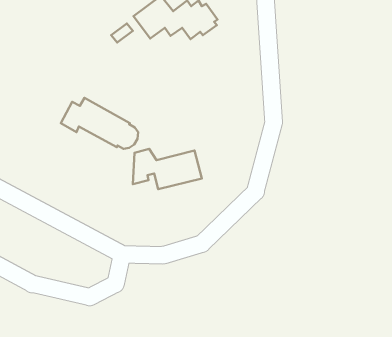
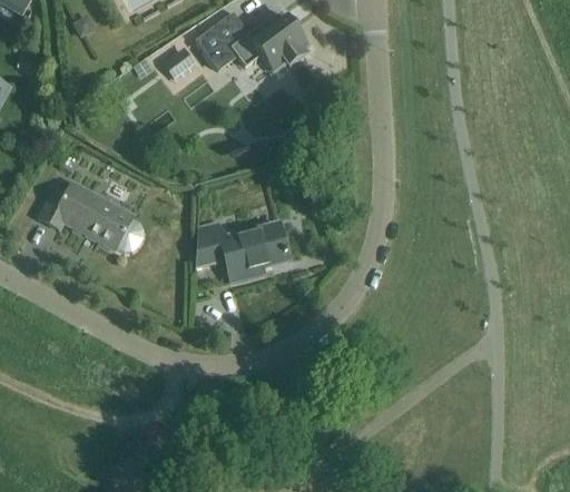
building: [61,98,138,149] -> [39,181,144,250]

